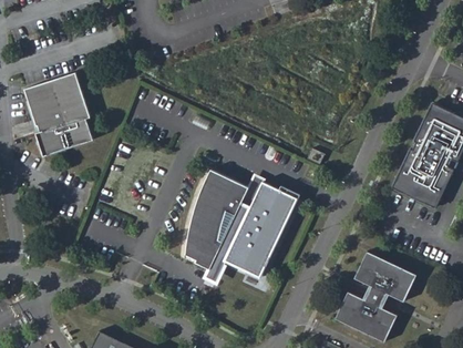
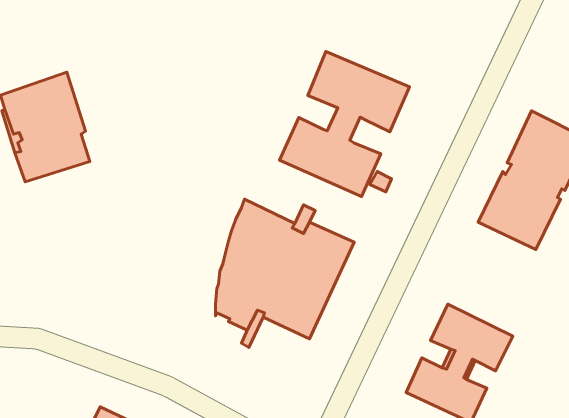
building: none -> [279,51,409,197]

